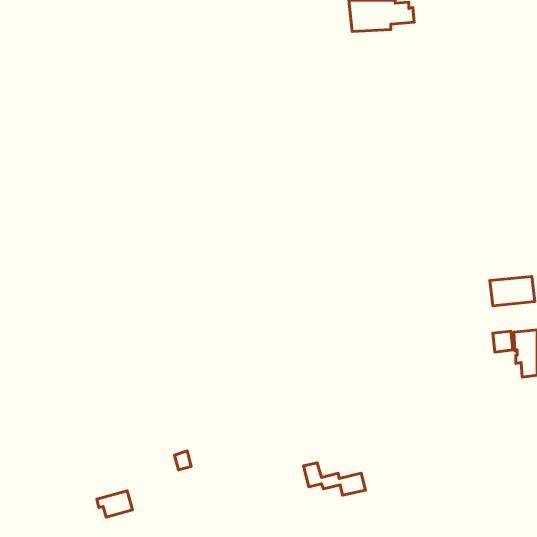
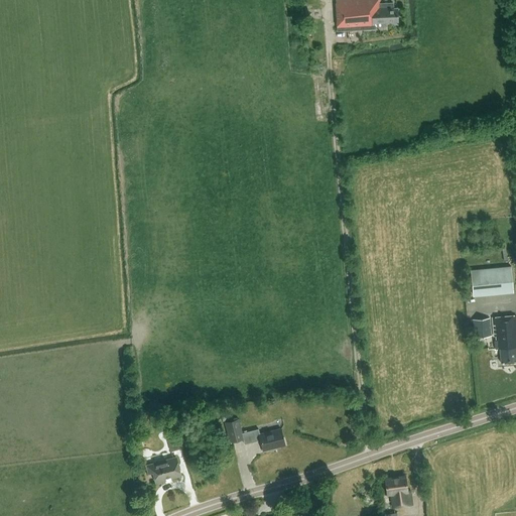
building: [304,463,366,495] -> [226,418,285,449]
building: [97,491,133,517] -> [147,457,181,482]
building: none -> [385,476,411,507]

